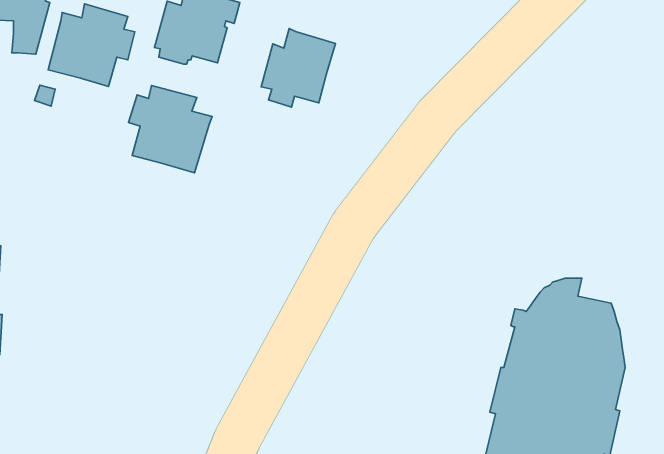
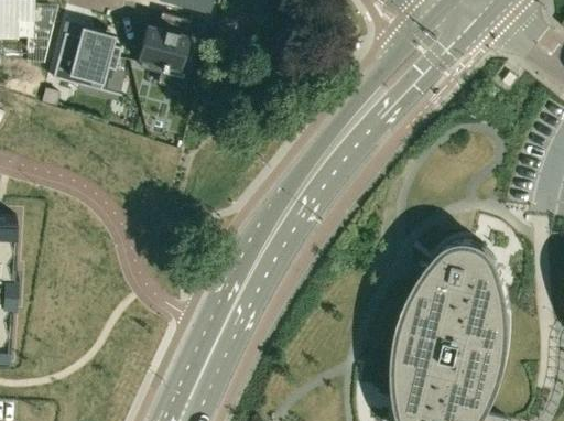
building: [261,29,335,107] -> none
building: [129,85,212,173] -> none

